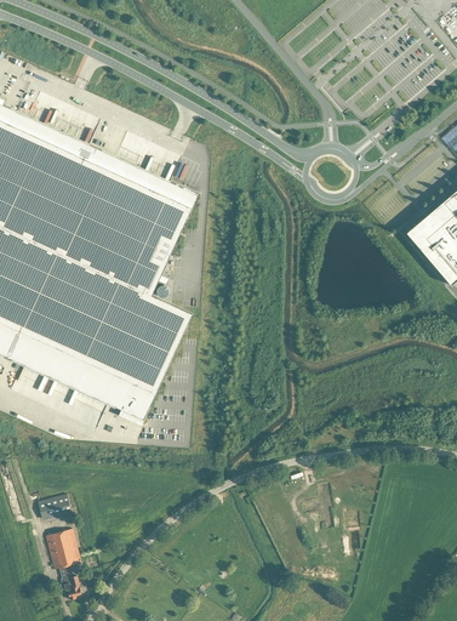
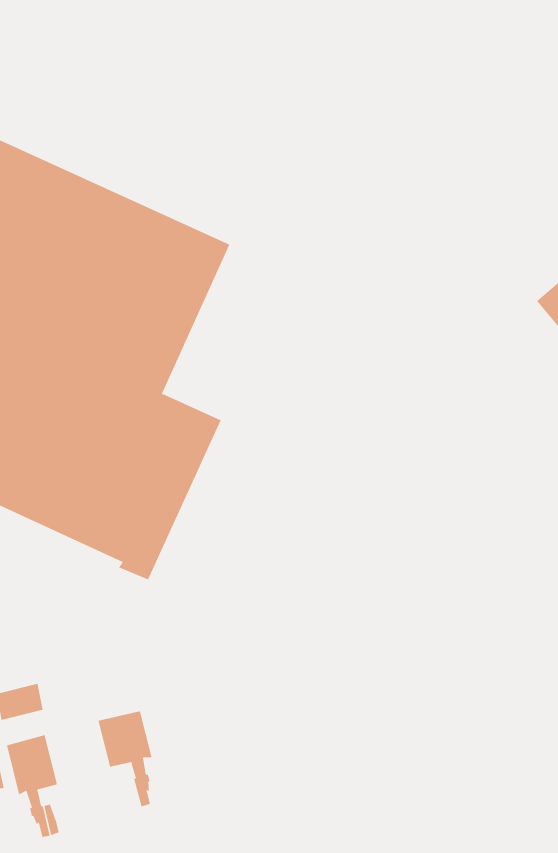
building: none -> [98,710,152,807]

